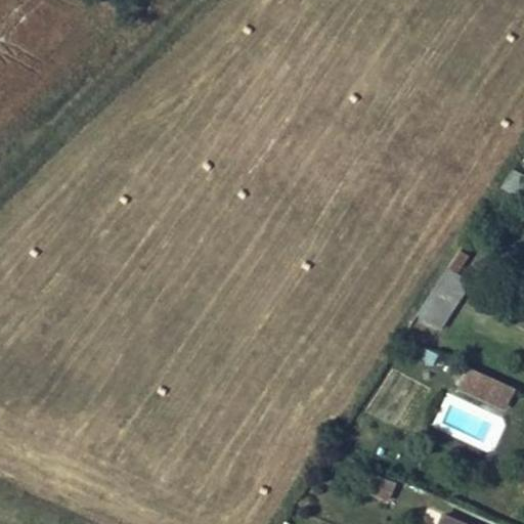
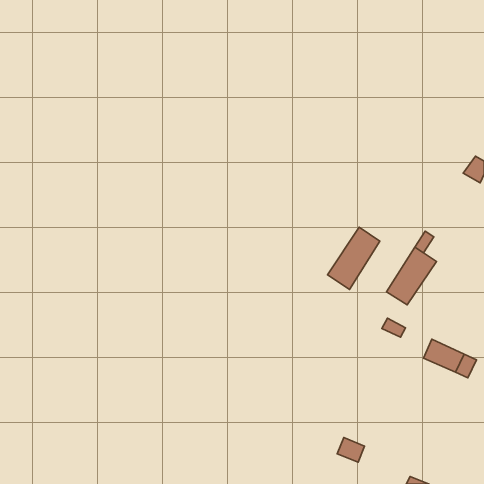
building: none -> [327,227,380,289]

